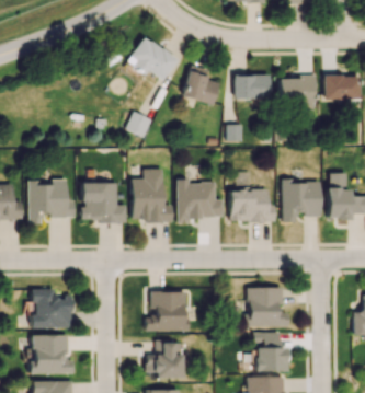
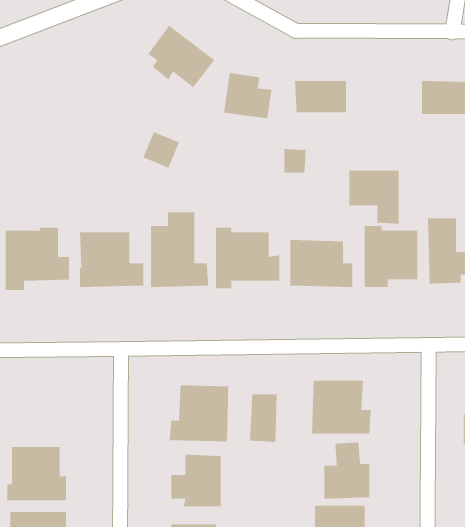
building: [278,78,315,116] -> [349,170,400,224]
building: [31,289,72,328] -> none
building: none -> [249,393,277,443]

